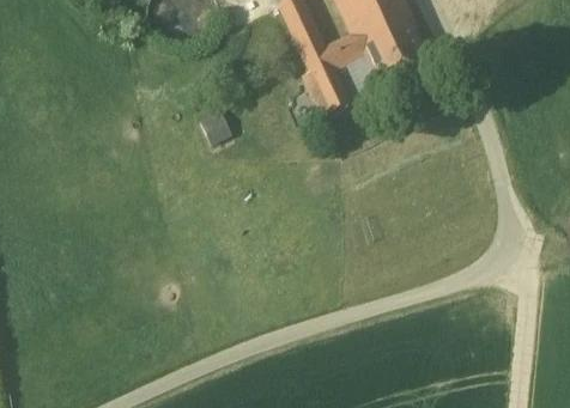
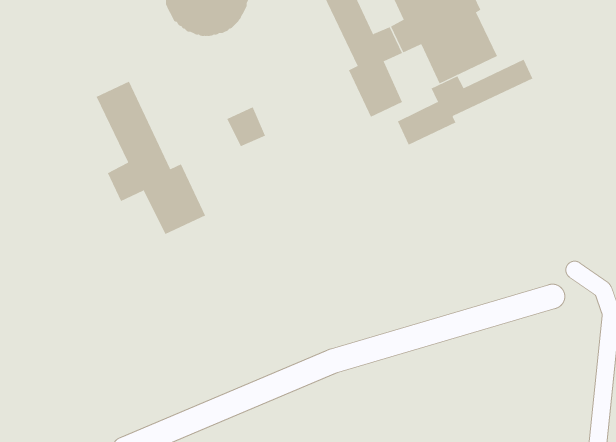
building: none -> [397,59,533,145]
building: none -> [96,81,206,235]

